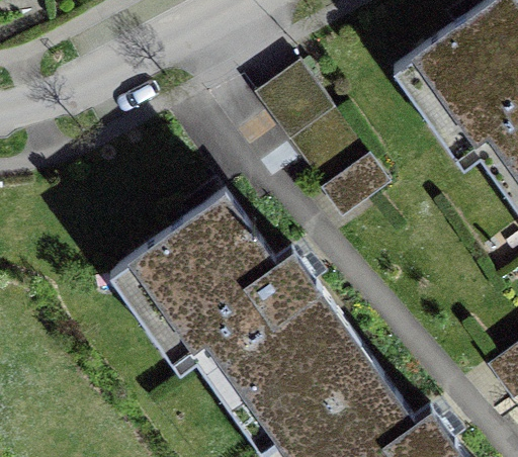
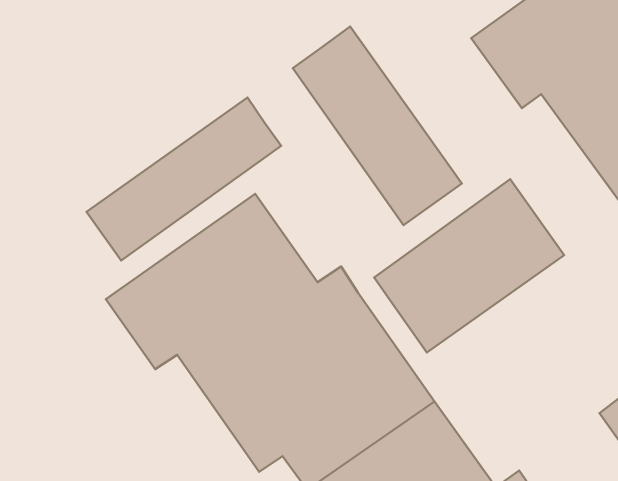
building: none -> [86,97,281,261]
building: none -> [374,179,564,353]

